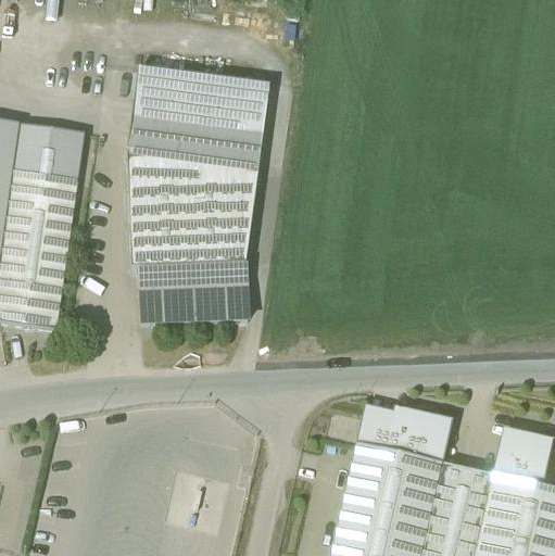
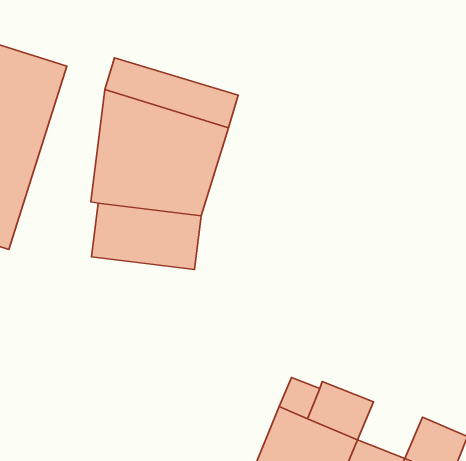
building: [130,65,269,135] -> none

